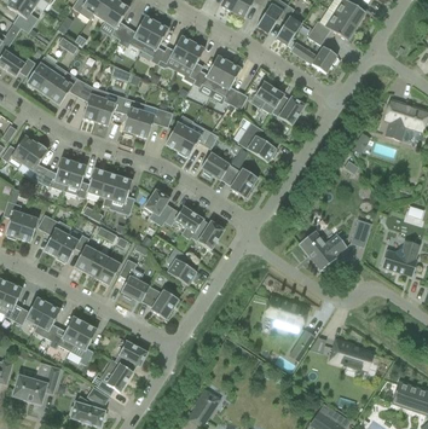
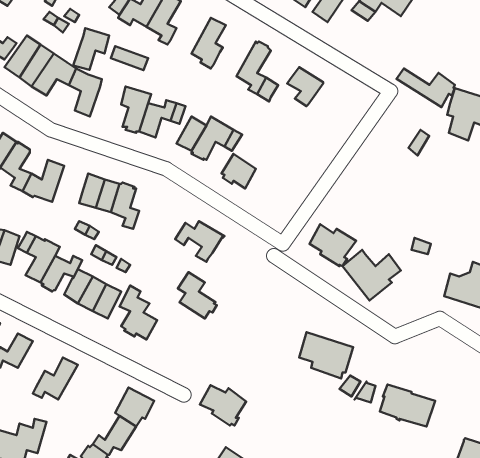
building: [157,35,192,71] -> none
building: [289,42,336,74] -> [396,68,455,107]
building: [192,56,229,89] -> none
building: [94,92,123,126] -> [73,28,109,70]
building: [271,95,303,126] -> none
building: [237,122,276,162] -> none
building: [64,161,88,198] -> none
building: [220,164,258,198] -> [310,224,356,266]
building: [144,189,172,226] -> none
building: [190,219,224,250] -> none
building: [140,286,178,319] -> [200,385,246,425]
building: [33,303,59,341] -> none
building: [69,323,97,365] -> none

